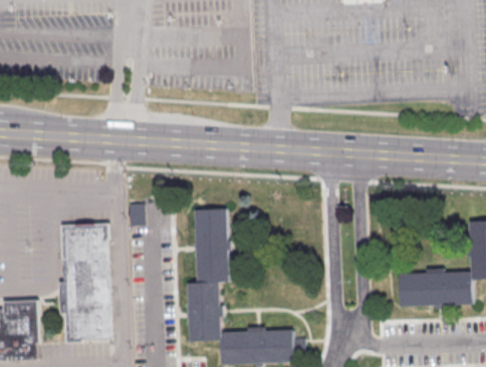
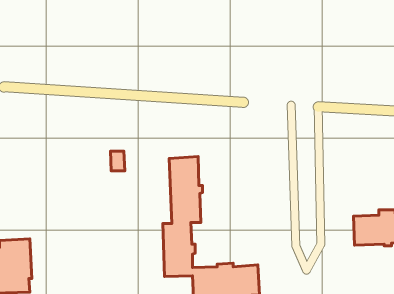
building: [61,223,112,342] -> none

